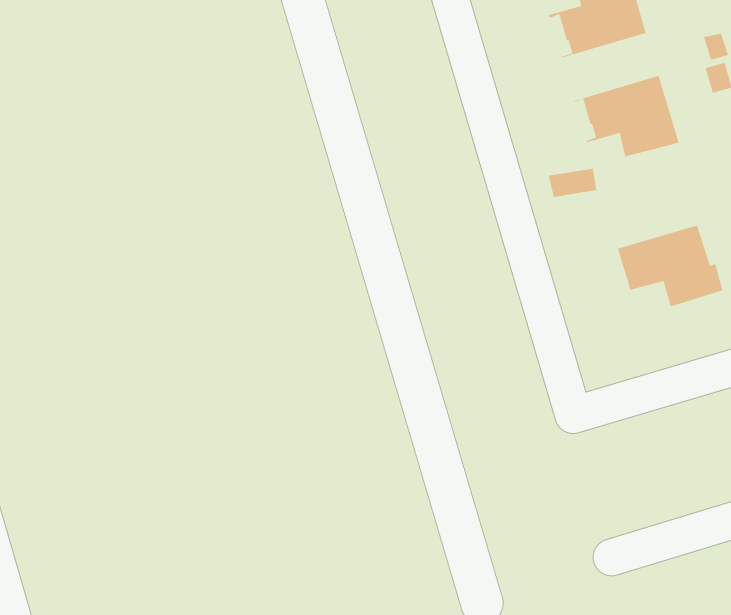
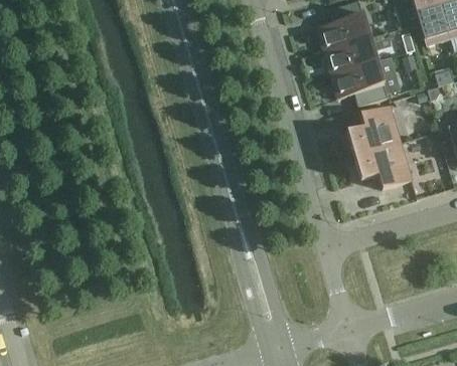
building: none -> [322,36,376,73]
building: none -> [346,103,398,155]

